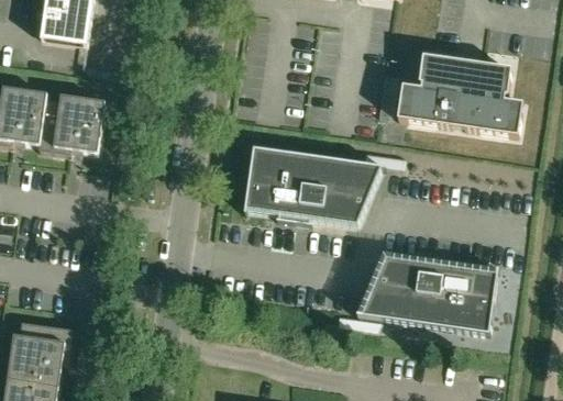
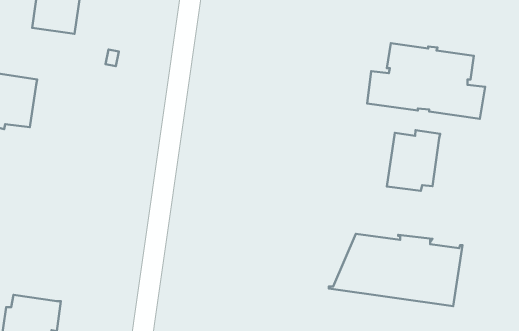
building: [38,93,104,153] -> none
building: none -> [387,130,440,191]
building: [243,147,385,224] -> none

